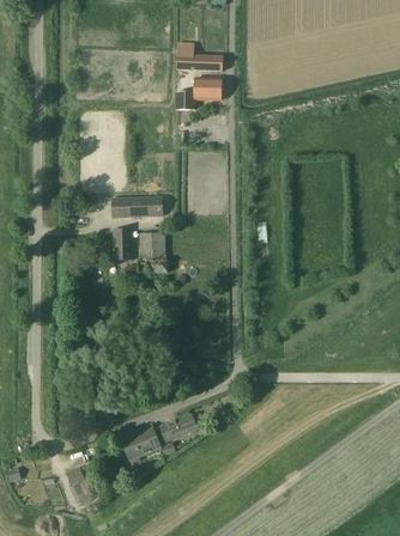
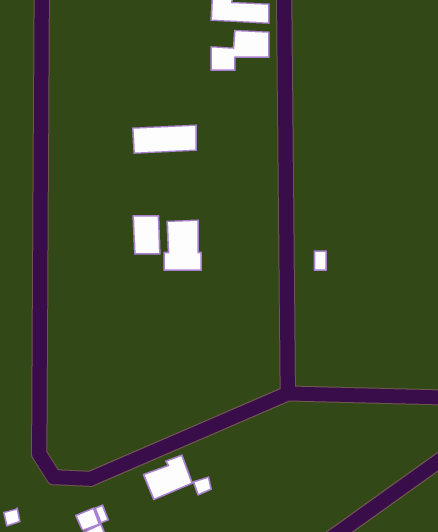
building: [110,195,162,218] -> [133,125,196,153]
building: [159,413,198,441] -> none

